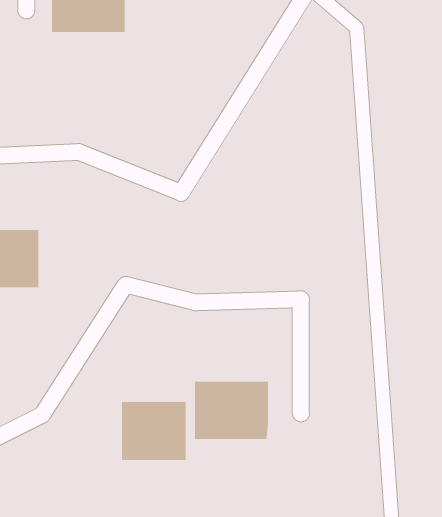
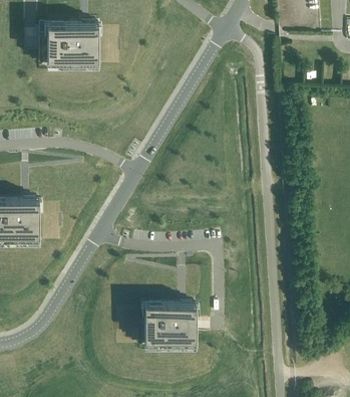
building: [121,401,186,461] -> none

